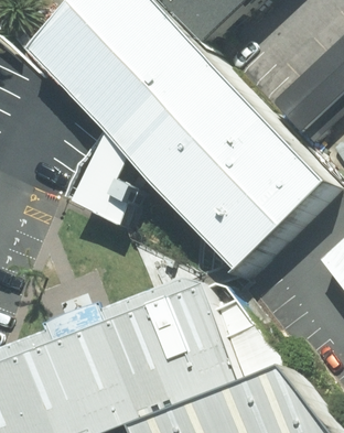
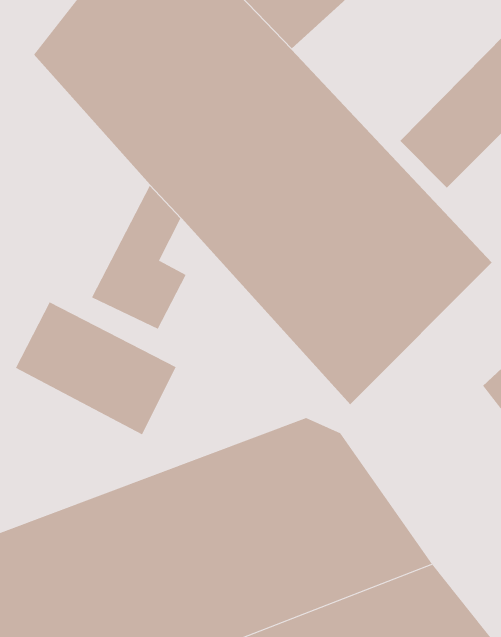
building: none -> [15,301,176,435]

